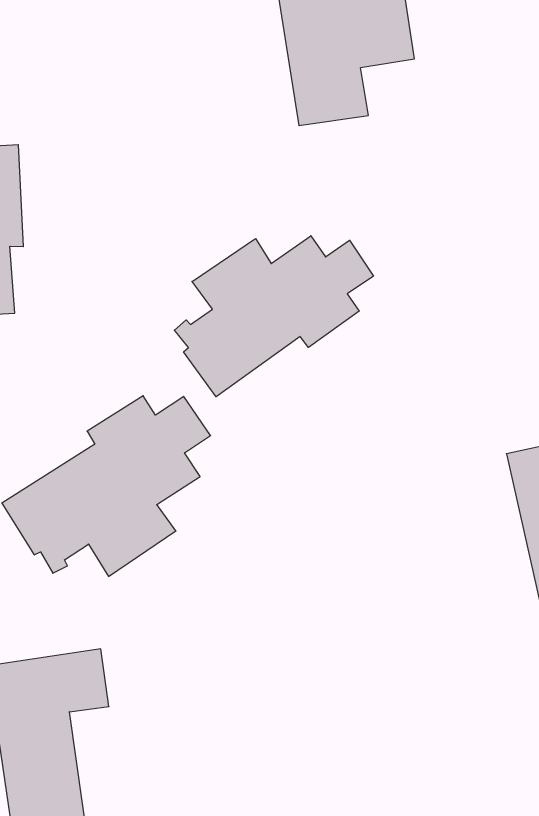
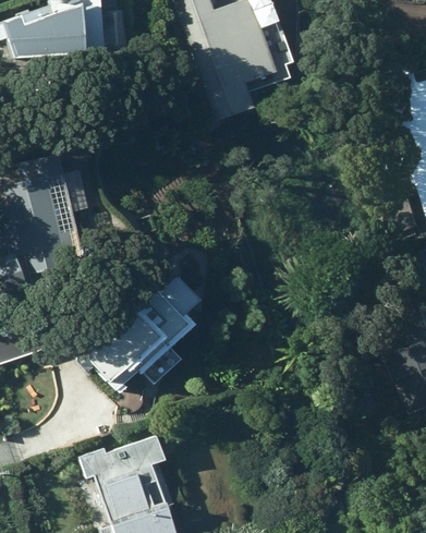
building: [174,236,373,397] -> none

